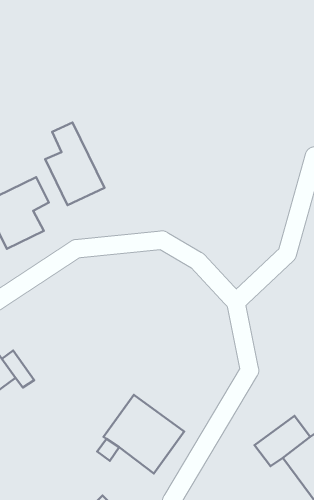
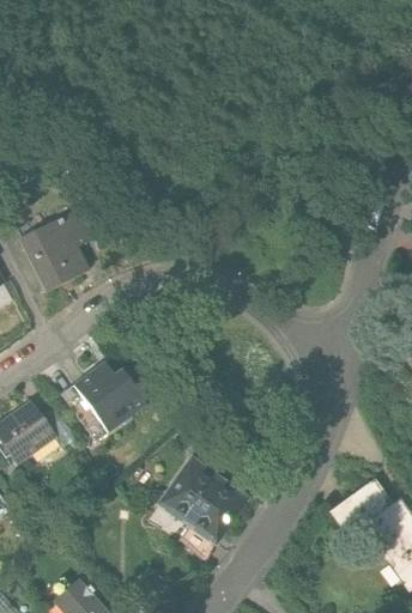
building: [45,122,104,205] -> none
building: none -> [71,358,150,433]

